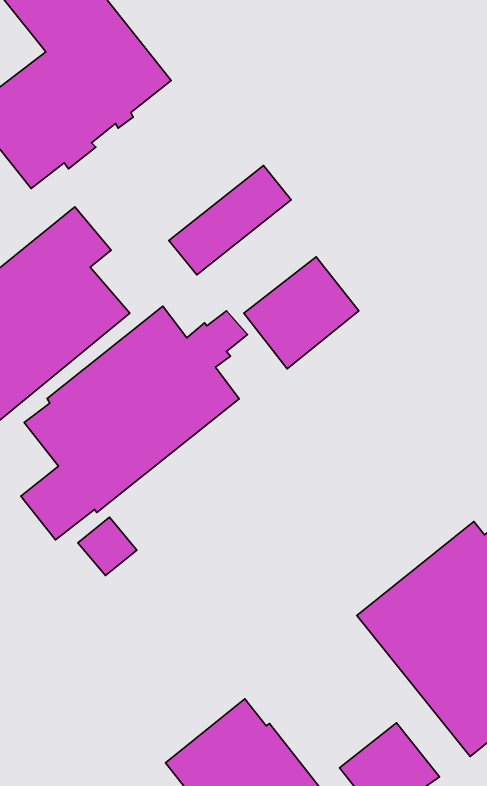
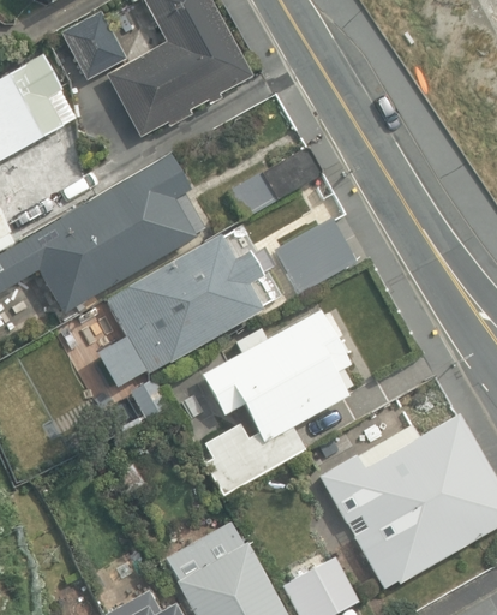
building: none -> [200,310,352,497]

